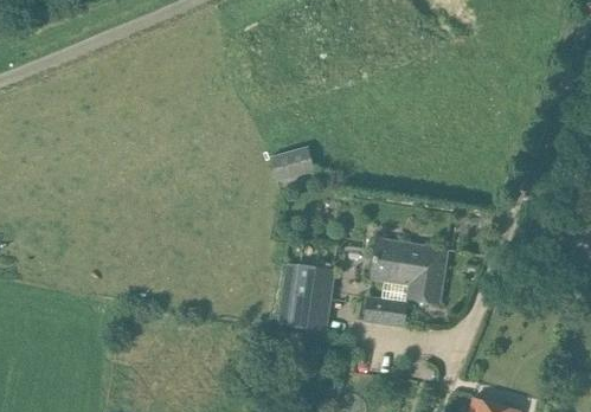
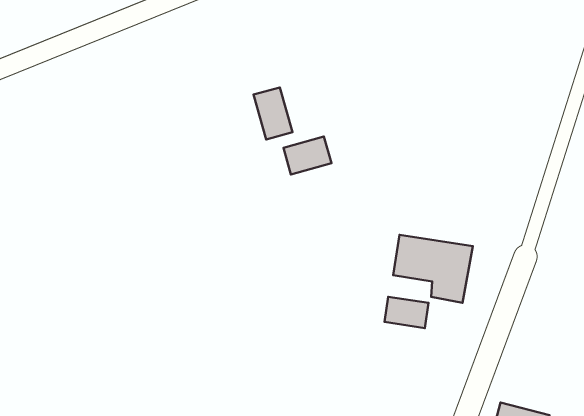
building: none -> [253,87,293,140]
building: [289,265,335,333] -> none

